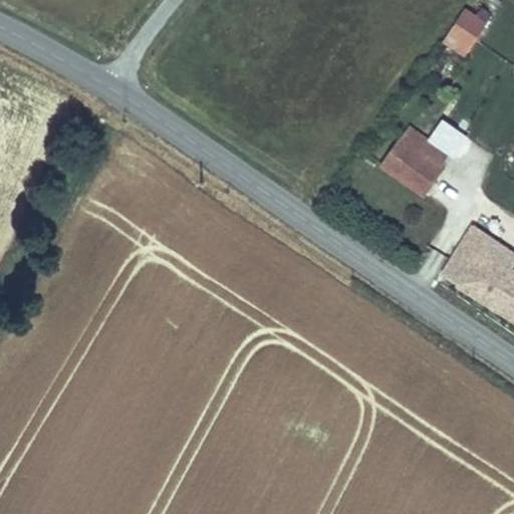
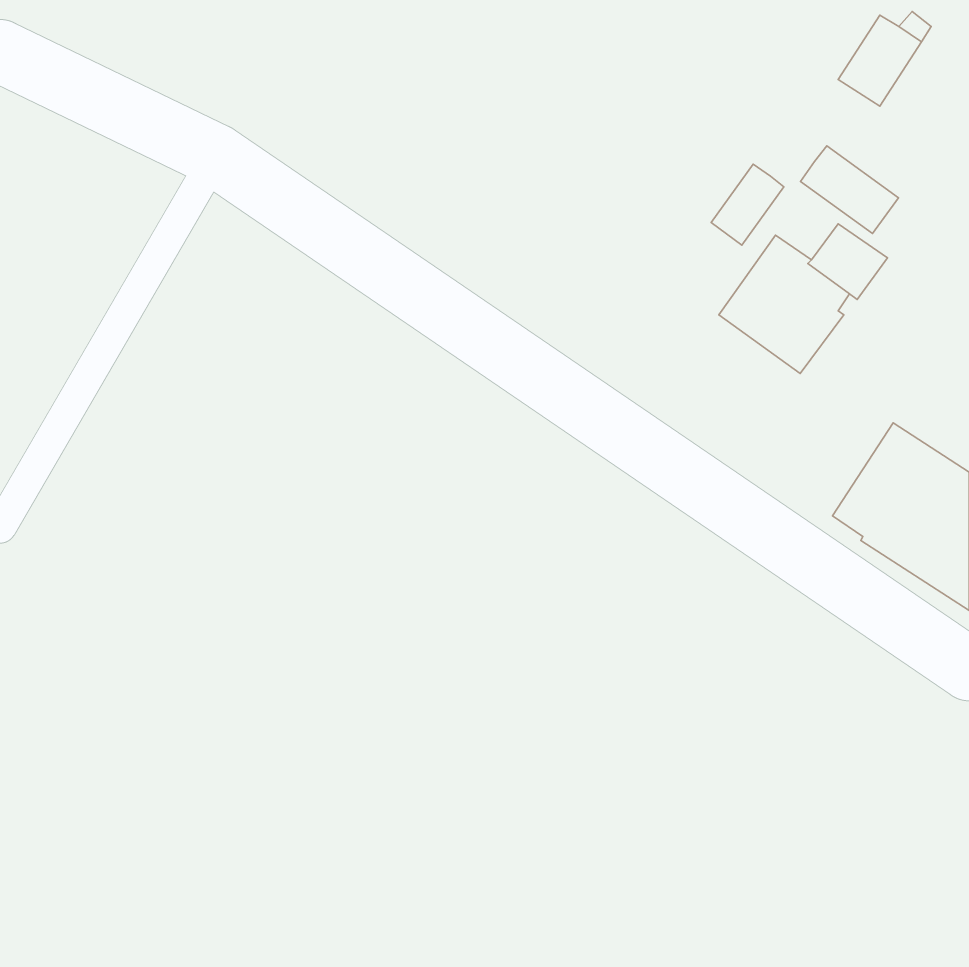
building: none -> [800,146,899,233]
building: none -> [711,164,784,245]

